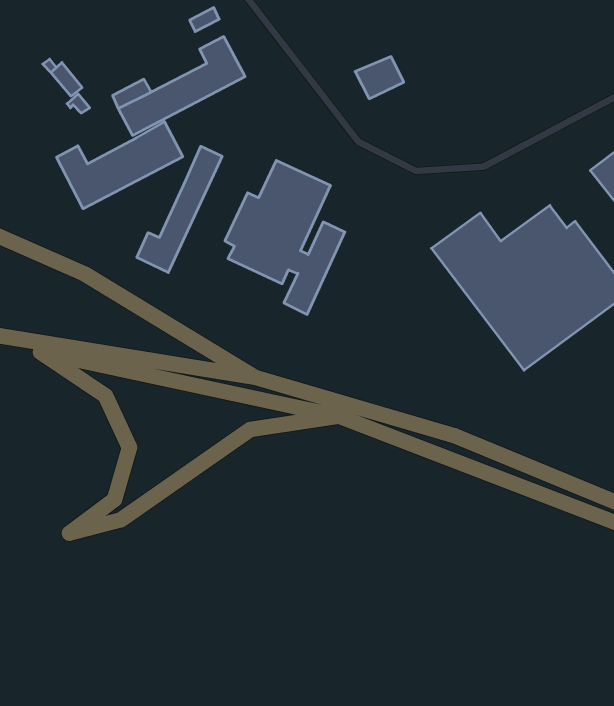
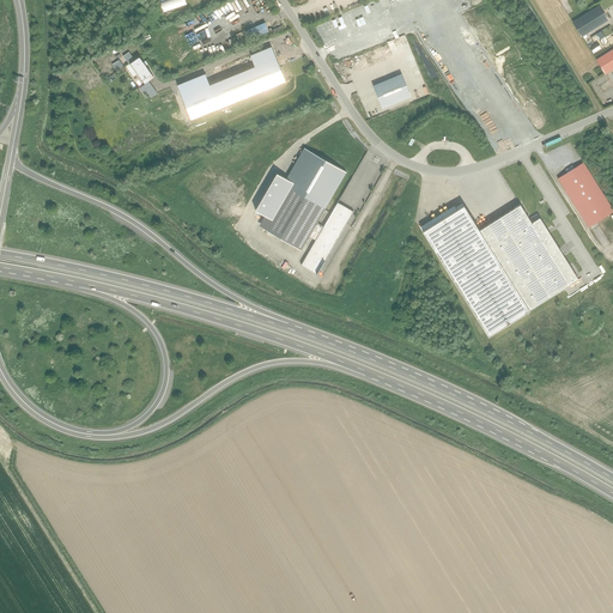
building: [57,122,183,209] -> none
building: [137,146,222,273] -> none

